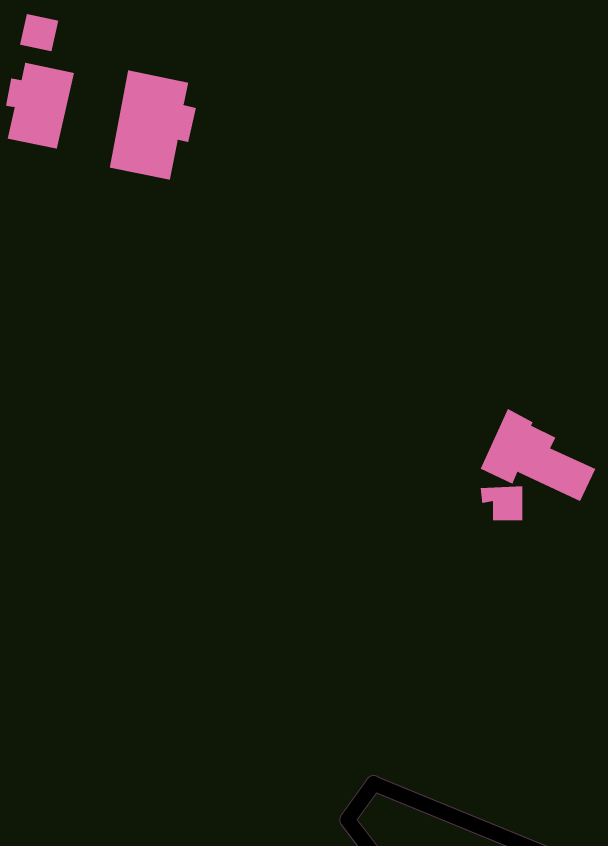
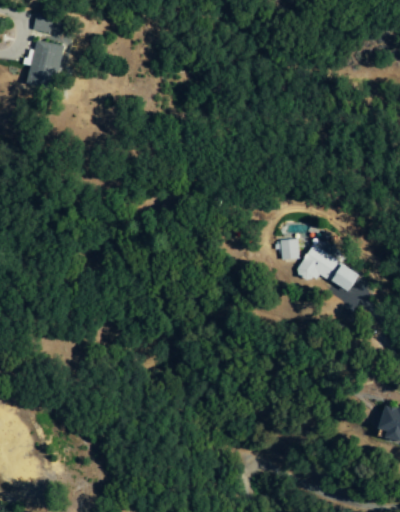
building: [109,70,196,181] -> none
building: [480,486,523,521] -> [274,240,299,260]

